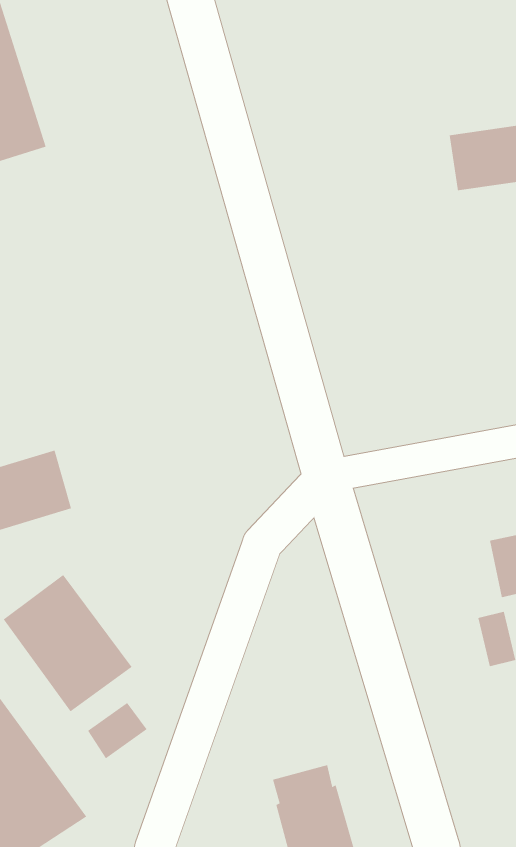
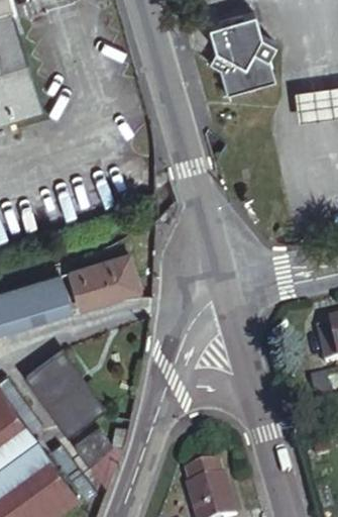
building: none -> [205,14,269,100]
building: none -> [68,255,137,309]

